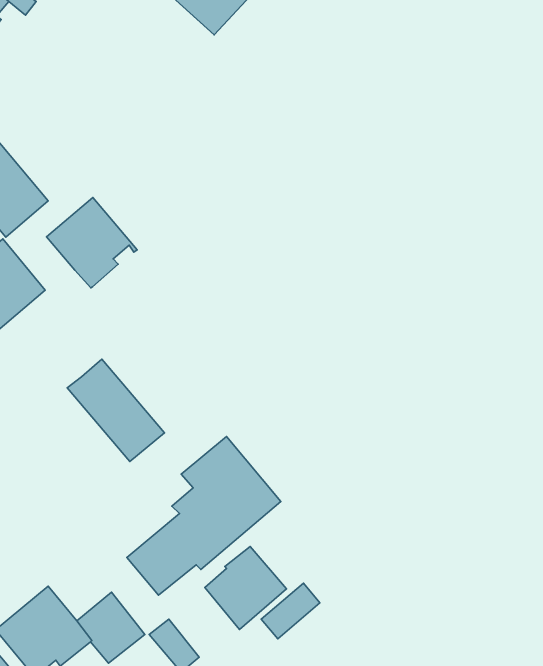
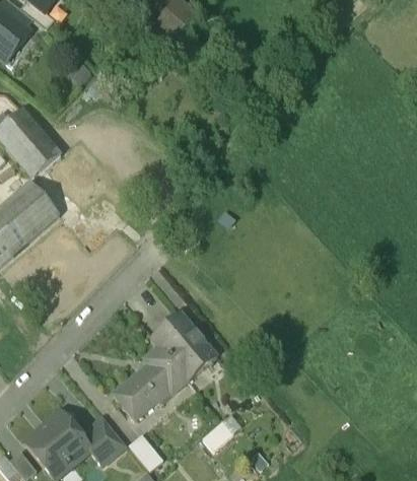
building: [47,198,137,288] -> none
building: [67,359,164,462] -> none
building: [205,546,287,630] -> none

